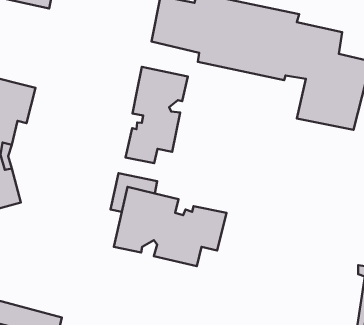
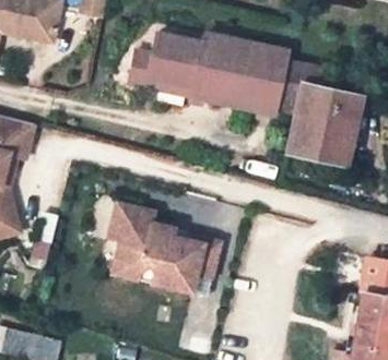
building: [125,67,188,163] -> none

